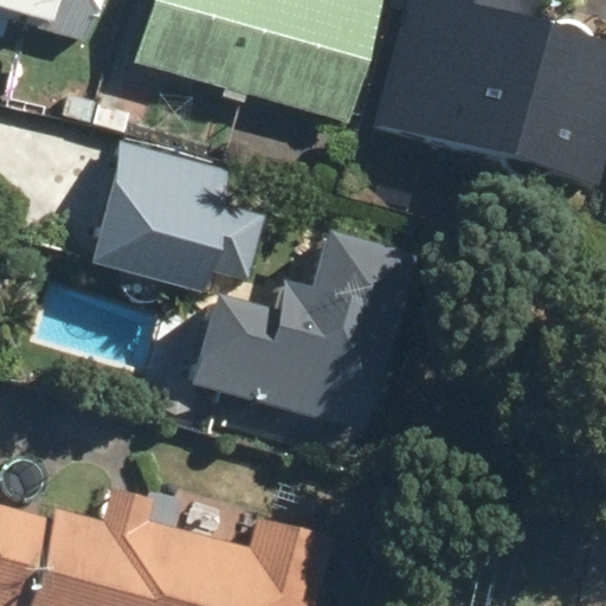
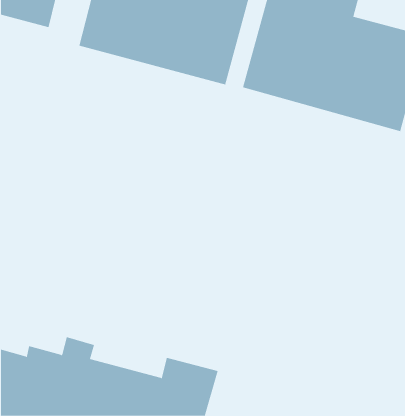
building: [90,143,266,291] -> none
building: [193,234,411,427] -> none

